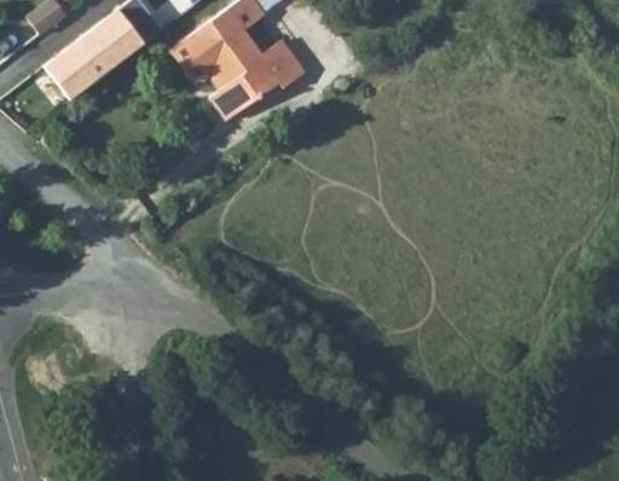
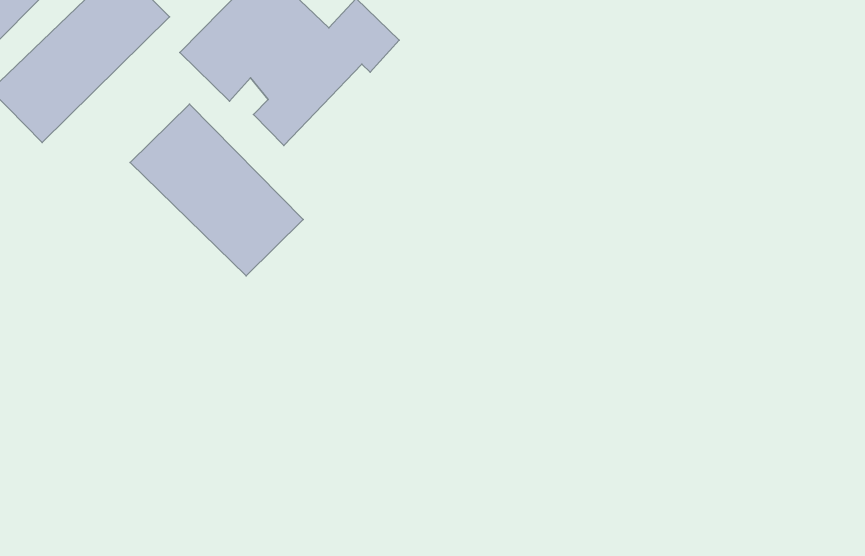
building: none -> [130,104,303,276]

